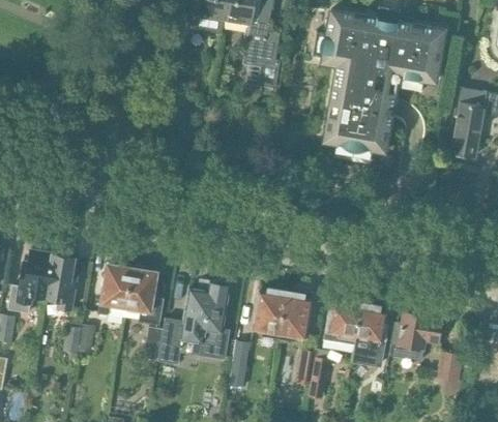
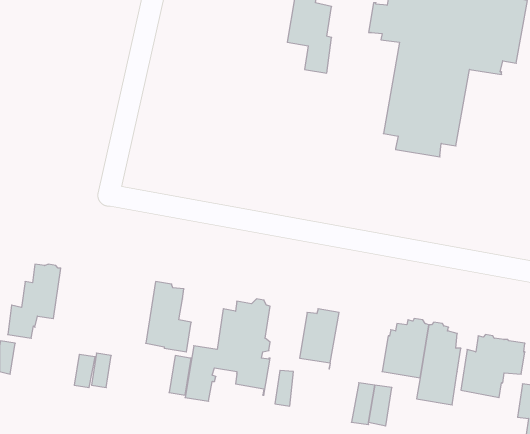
building: [47,253,78,309] -> none
building: [99,263,133,316] -> none
building: [279,291,312,338] -> none

